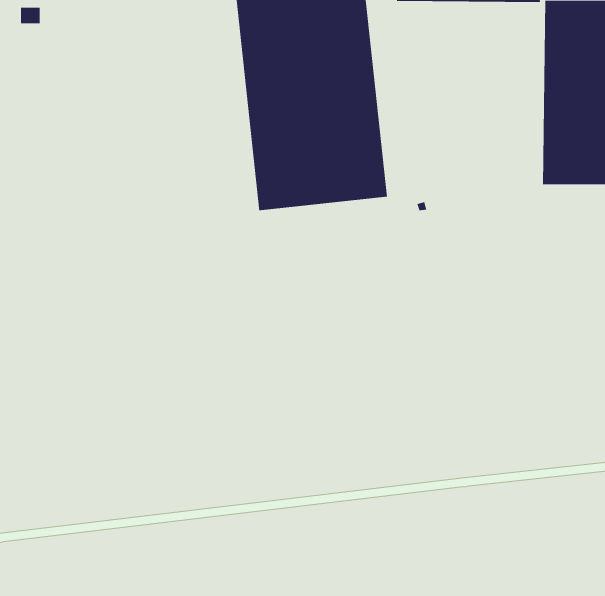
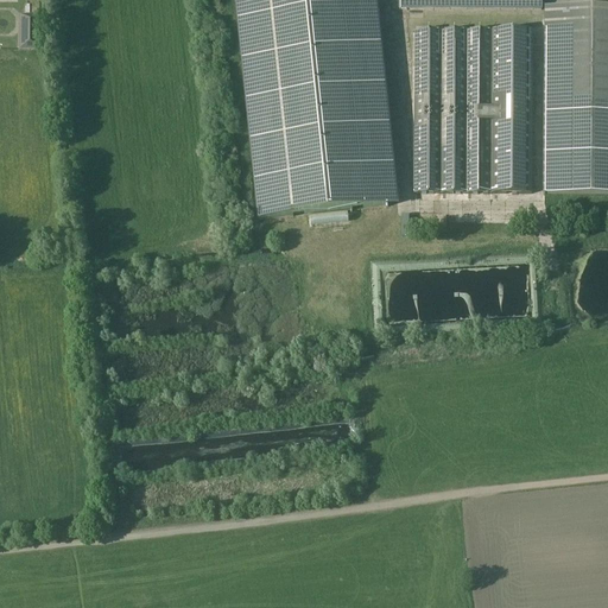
building: none -> [416,23,533,185]

